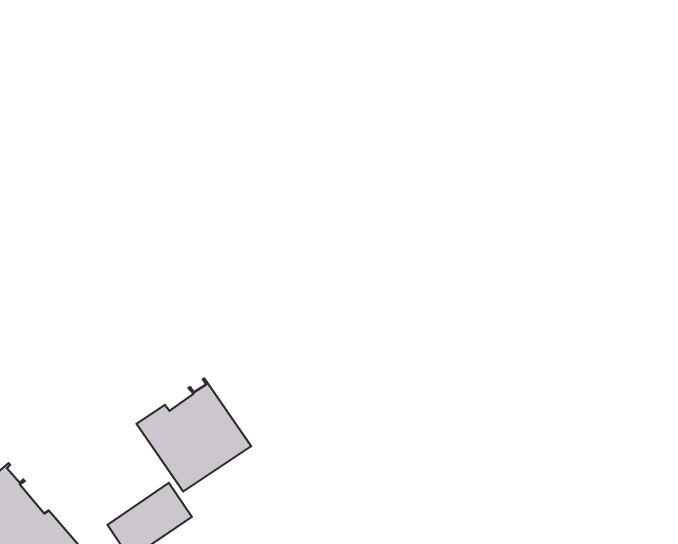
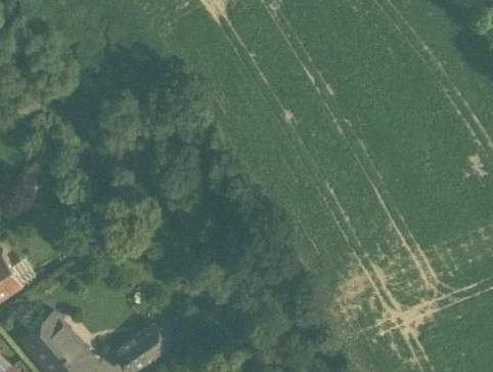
building: [136,379,251,491] -> none

